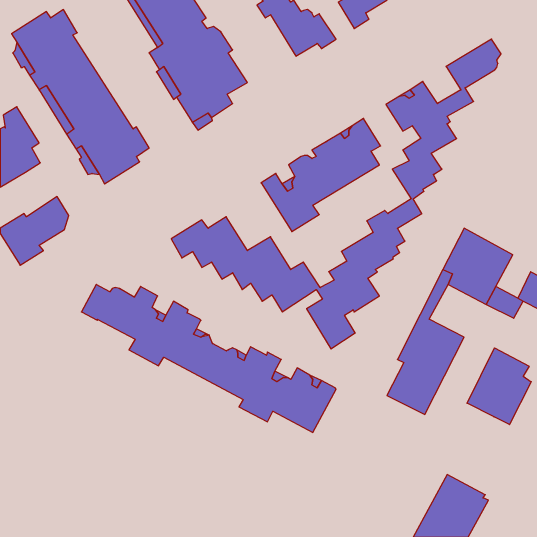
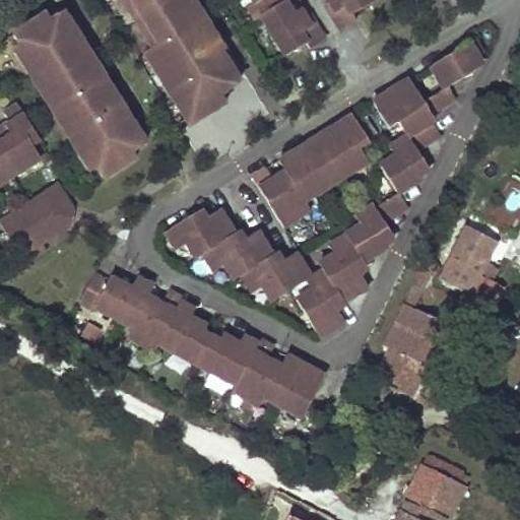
building: [467,348,531,425] -> none

